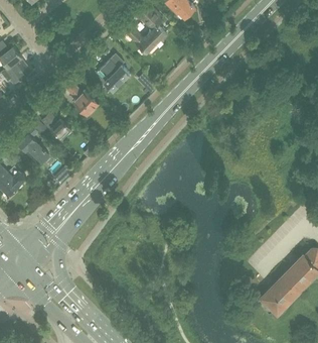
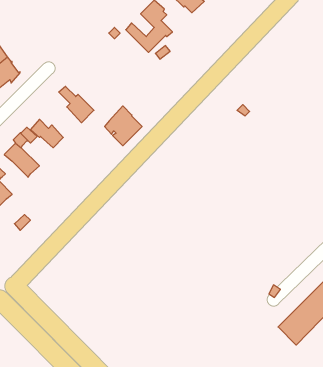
building: [97,54,130,90] -> [105,106,142,146]

